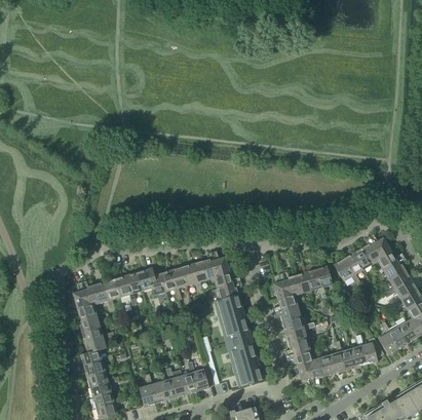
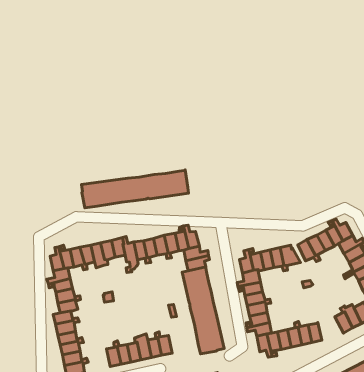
building: none -> [82,170,188,208]
building: [358,337,385,364] -> none

